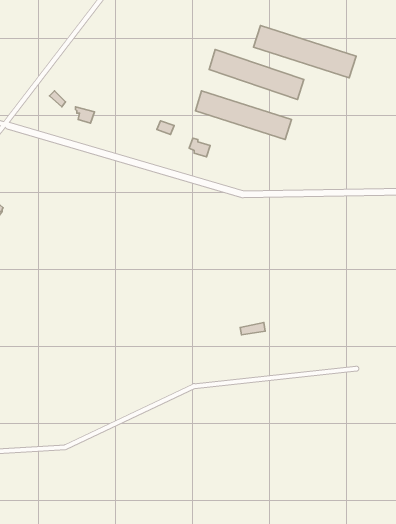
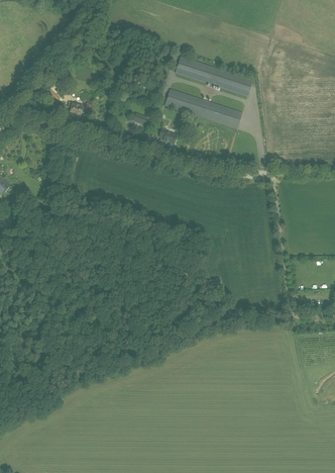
building: [253,26,356,78] -> none

